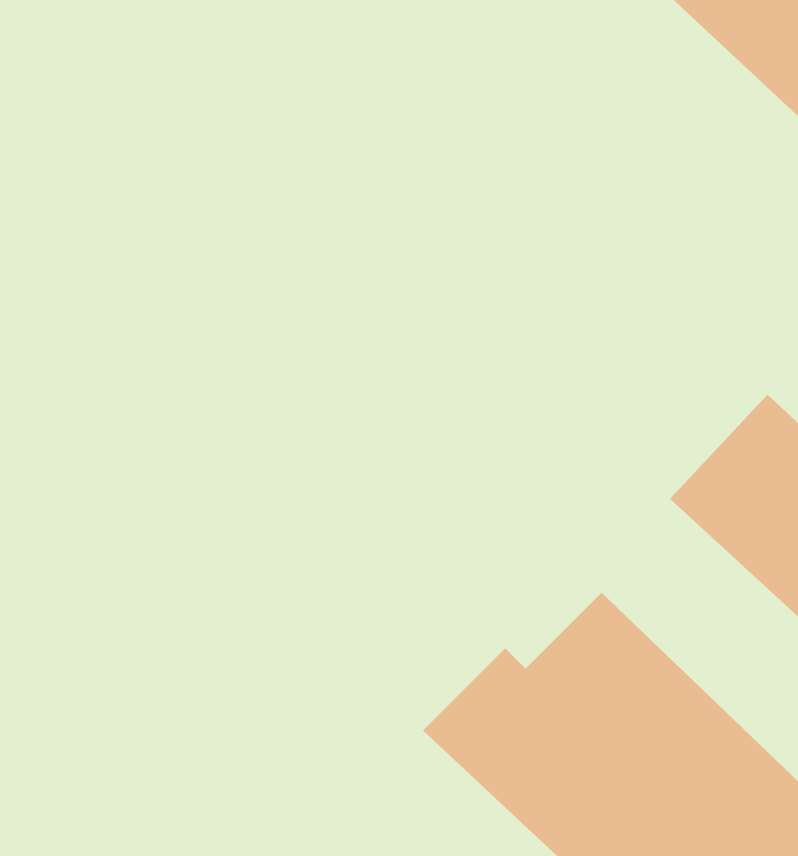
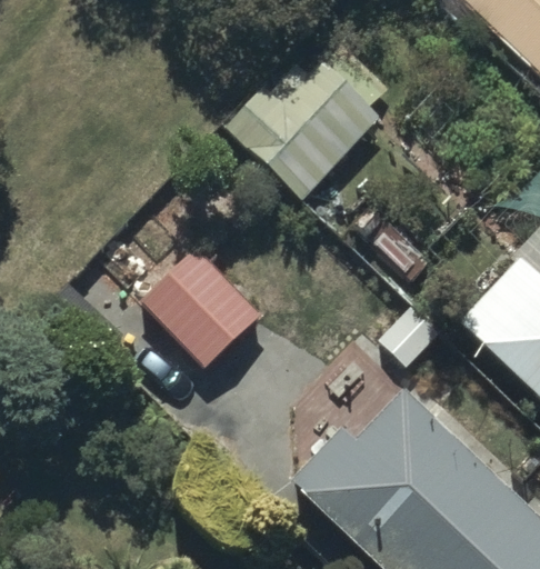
building: none -> [226,43,394,191]
building: none -> [128,252,262,371]

